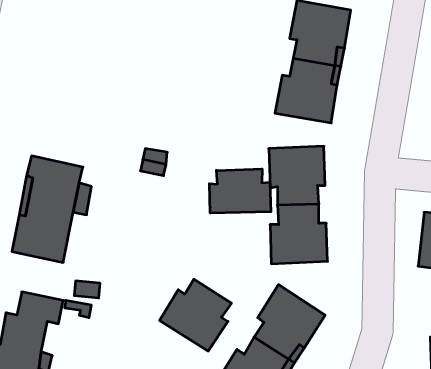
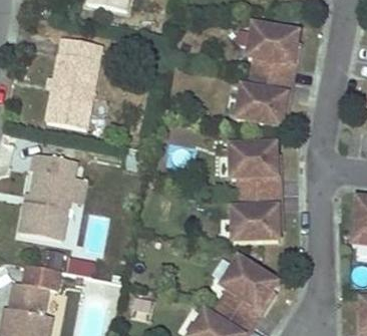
building: none -> [48,36,102,126]
building: [209,169,271,213] -> none
building: [160,279,231,351] -> none

